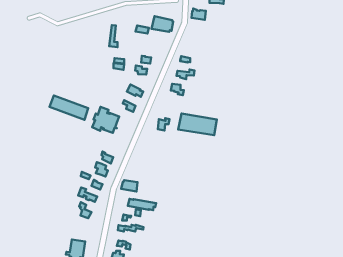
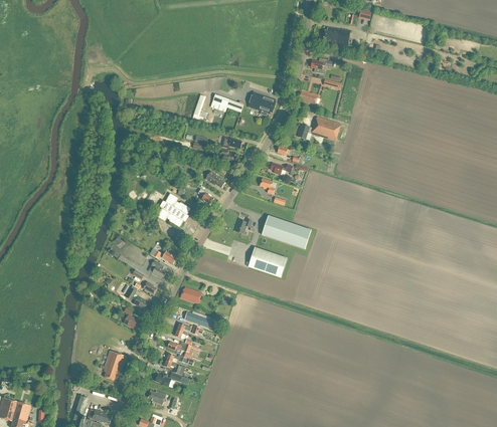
building: none -> [299,117,341,142]
building: [49,95,88,120] -> none
building: none -> [247,247,287,277]

